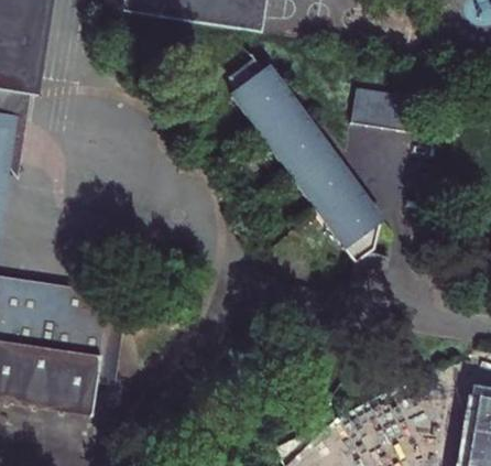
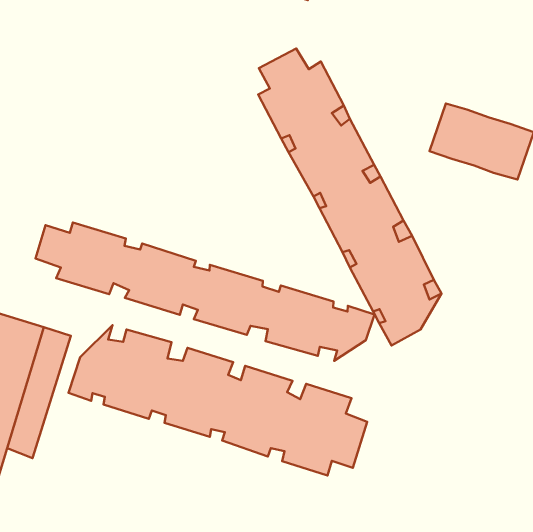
building: none -> [35,222,375,361]
building: none -> [68,325,367,475]

